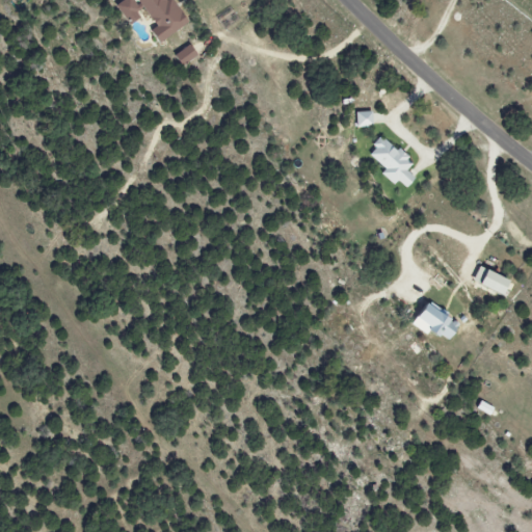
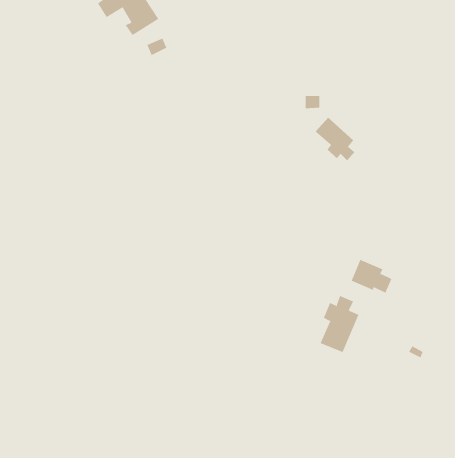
building: [472,266,509,295] -> none
building: none -> [320,295,359,353]

